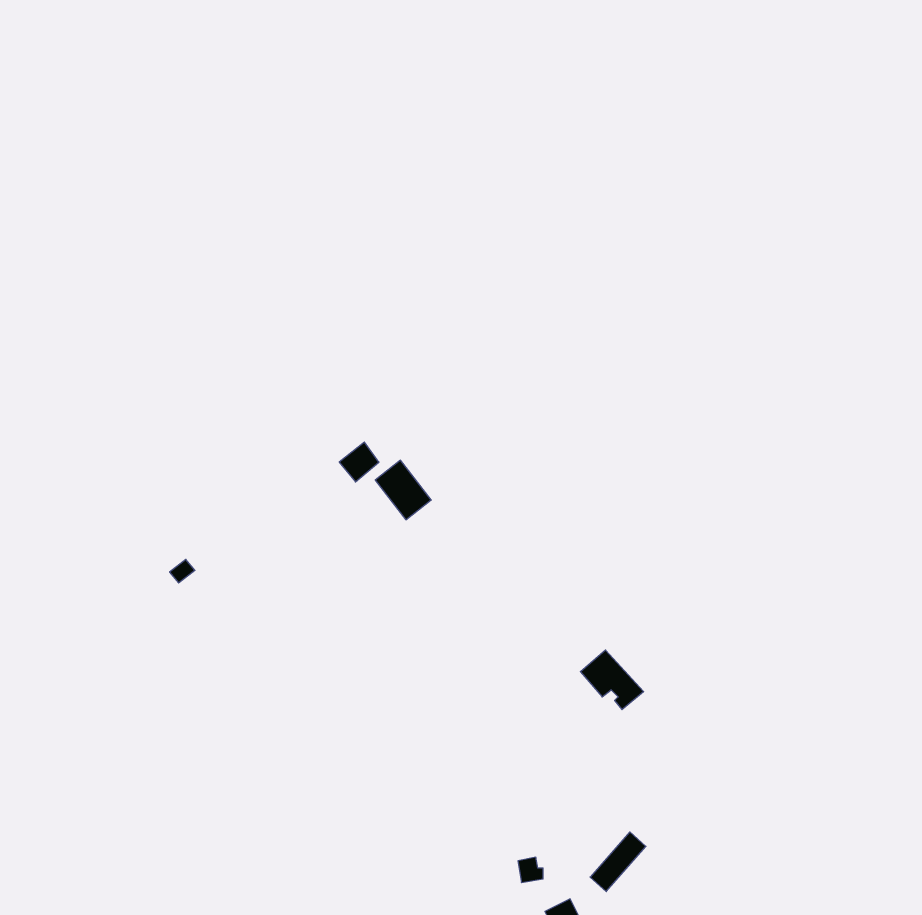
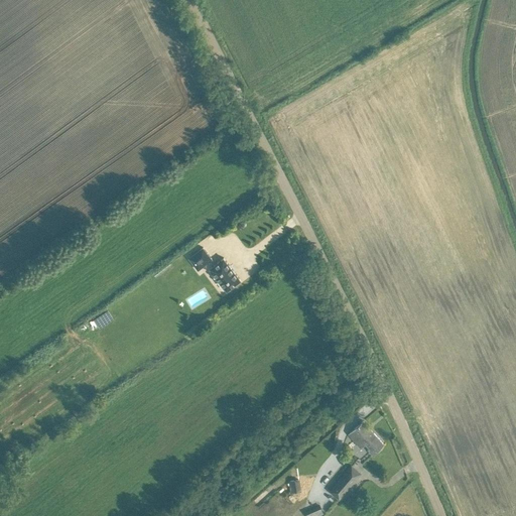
building: [580,650,644,710] -> [349,424,384,458]

